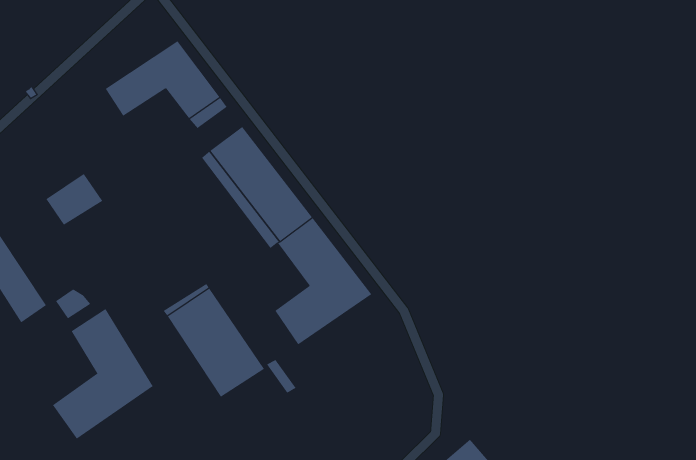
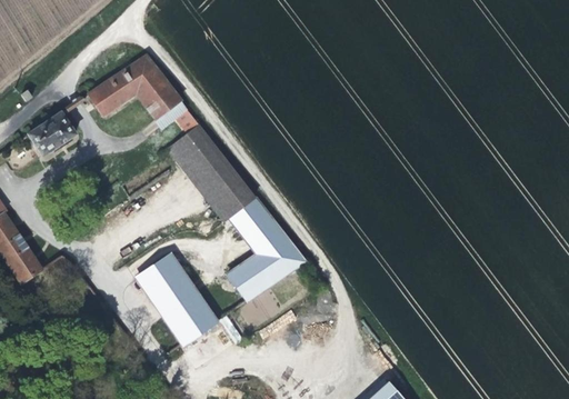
building: [45,173,103,225] -> [30,114,77,157]
building: [52,308,154,440] -> none

